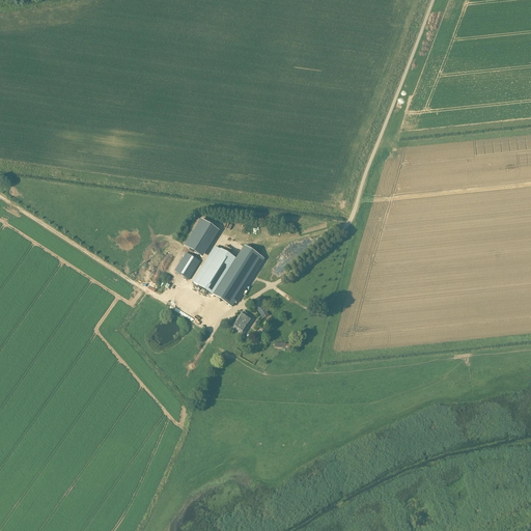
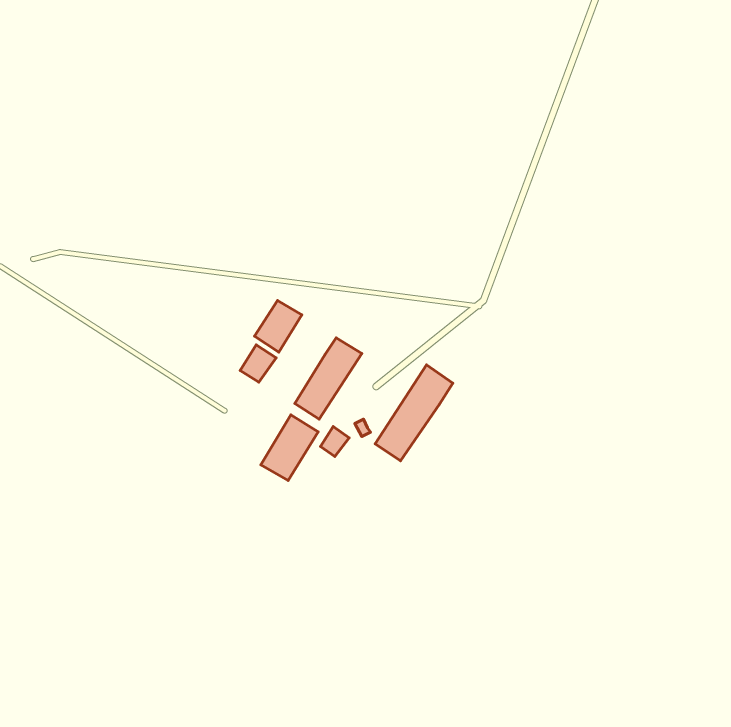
building: [194,245,235,292] -> [261,415,318,481]
building: none -> [375,365,453,461]

